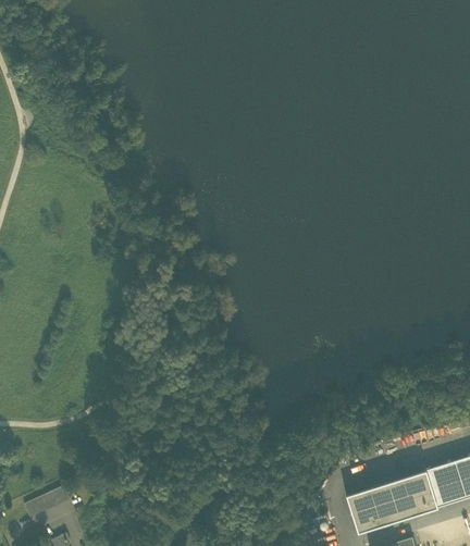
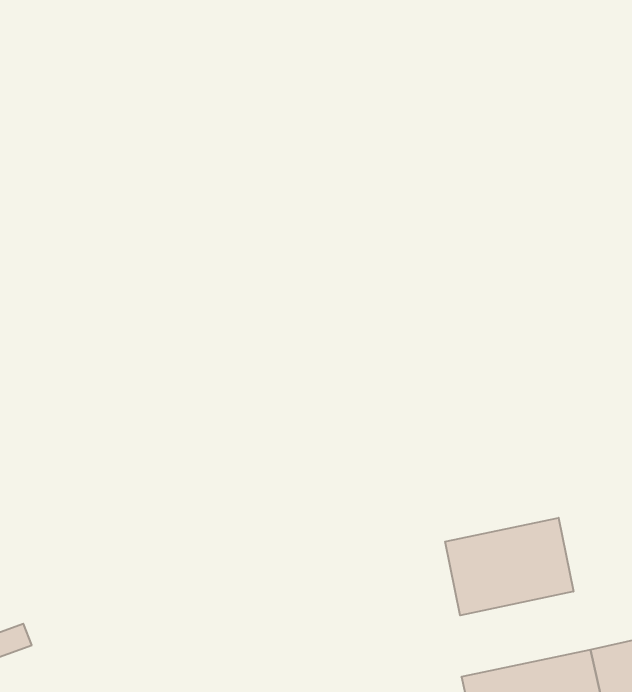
building: none -> [445,518,573,615]

